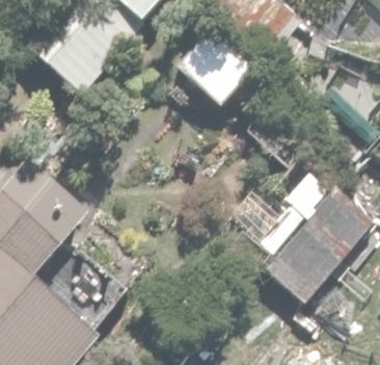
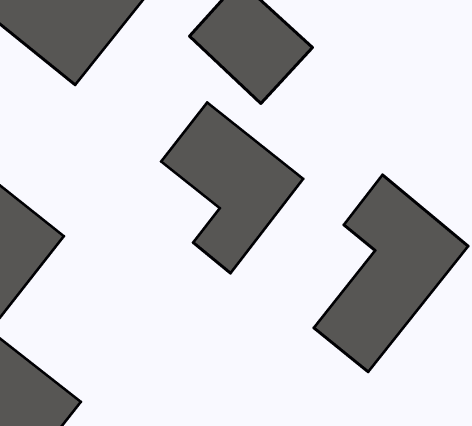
building: none -> [161,102,303,273]

